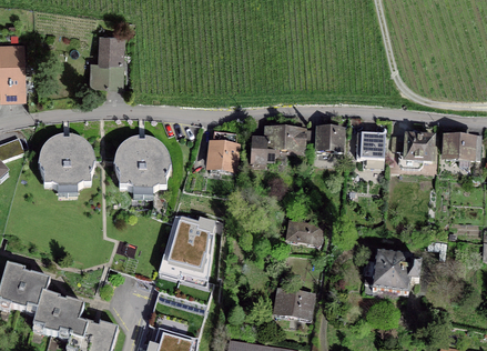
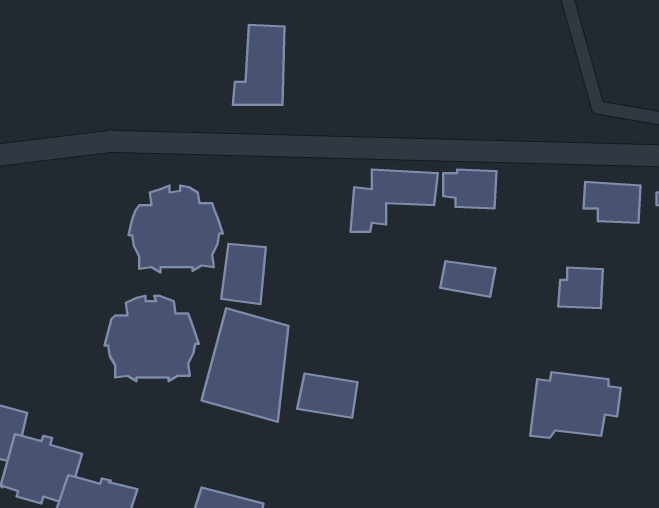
building: [91,33,123,83] -> [233,25,284,105]
building: [210,131,237,169] -> [221,244,266,304]
building: [357,133,385,159] -> [558,267,603,308]
building: [38,134,97,188] -> [104,296,199,381]
building: [287,221,322,243] -> [440,261,495,297]
building: [275,290,313,318] -> [297,373,358,418]

